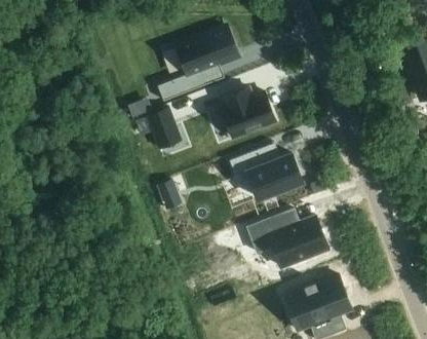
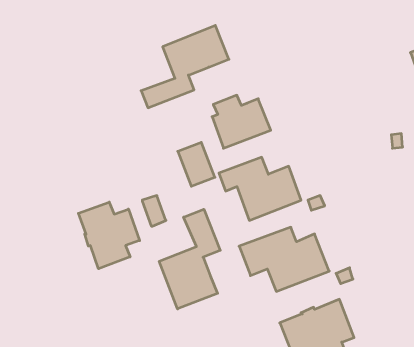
building: [147,107,181,147] -> [178,142,215,186]
building: none -> [78,202,140,269]
building: none -> [159,209,220,309]

